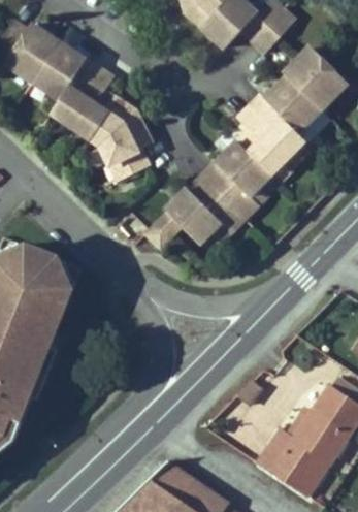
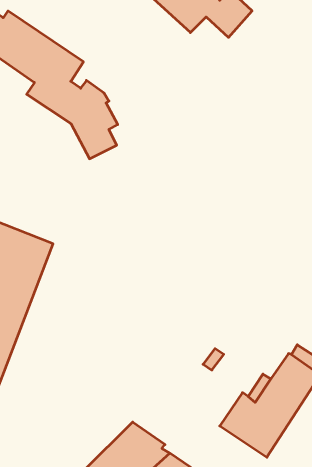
building: [144,49,344,251] -> none

